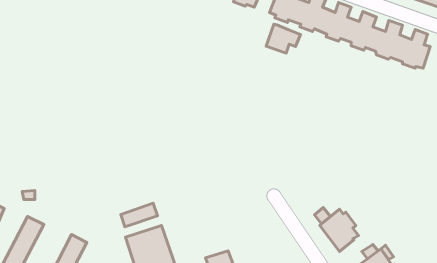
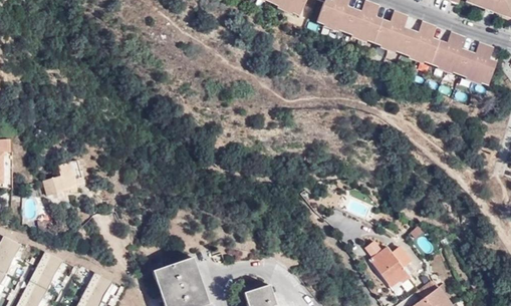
building: [266,24,301,53] -> none
building: none -> [44,159,86,194]
building: [121,203,158,227] -> none

